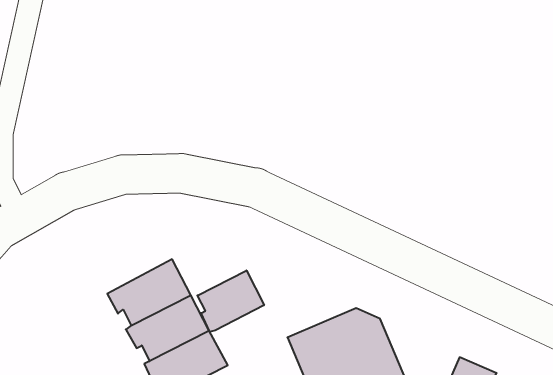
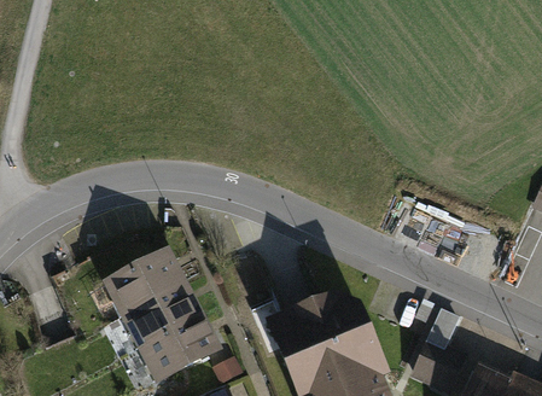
building: [197,270,264,332] -> none

